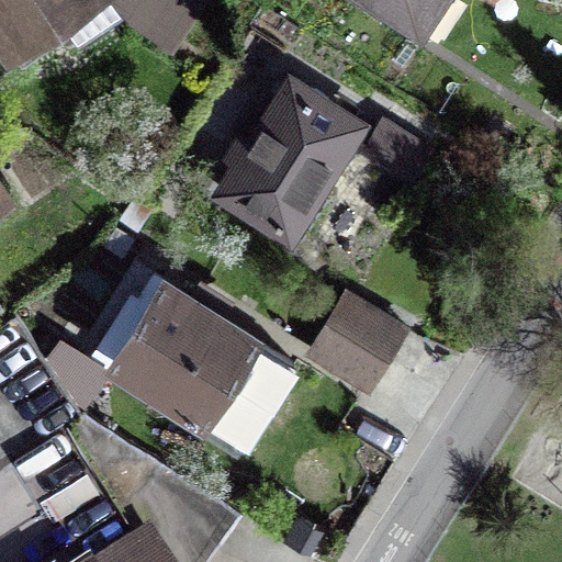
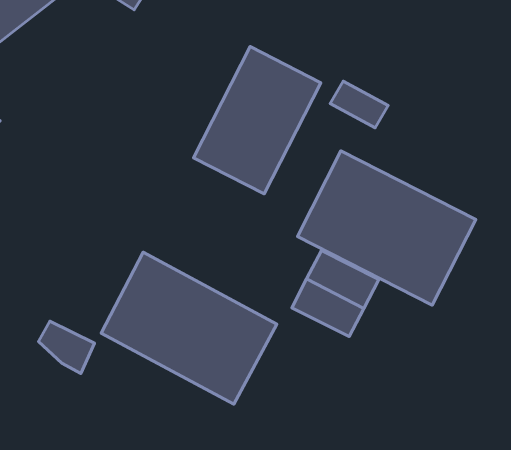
building: none -> [297,151,476,305]

